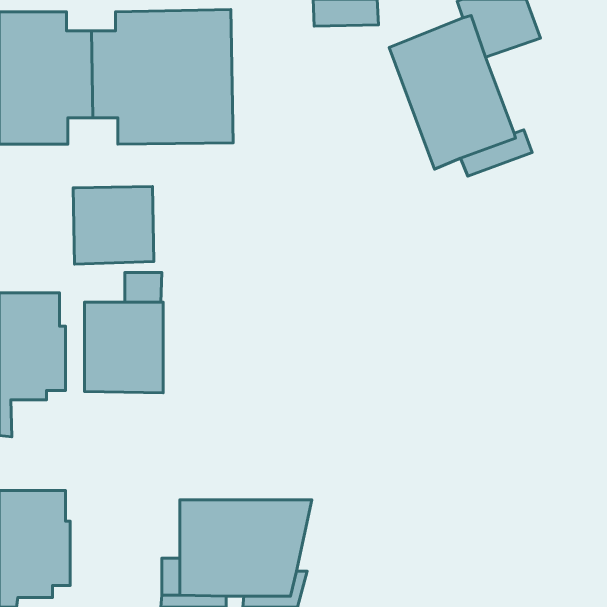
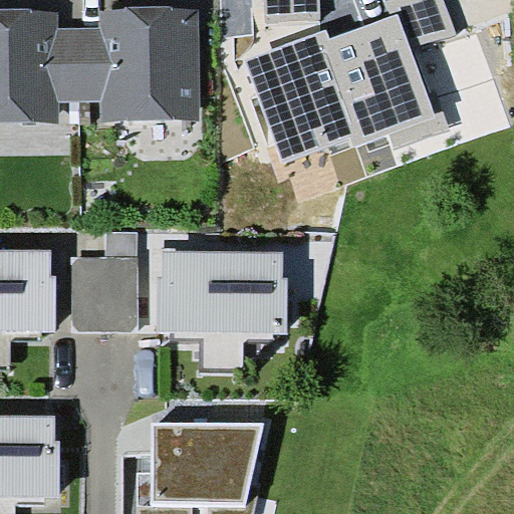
building: none -> [244,29,366,162]
building: [73,186,154,264] -> none
building: none -> [159,251,288,370]

